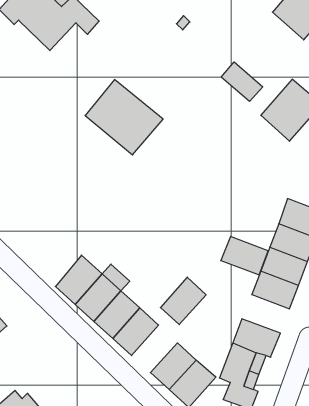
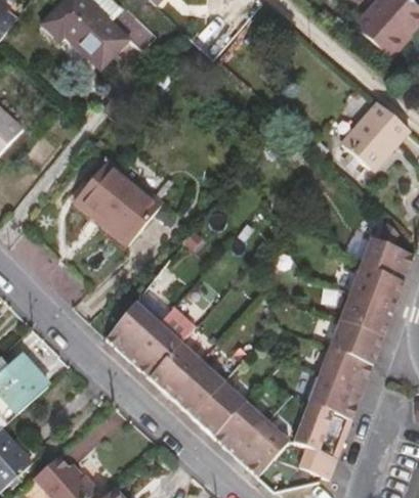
building: [221,62,263,101] -> none
building: [85,80,163,155] -> [74,159,163,244]
building: [221,236,268,275] -> [319,347,373,391]
building: [160,277,206,325] -> [193,381,245,436]

